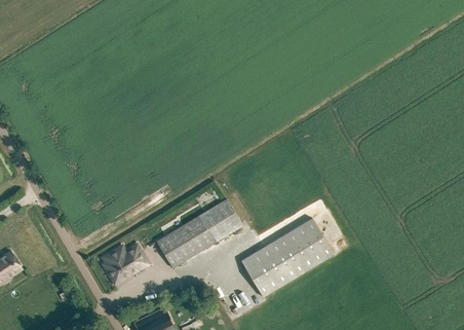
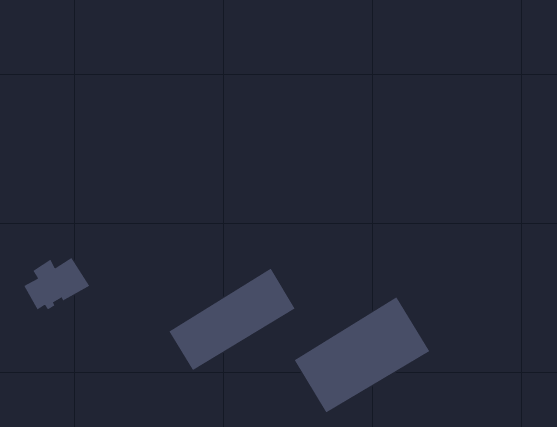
building: [103,244,148,280] -> [23,257,90,310]

